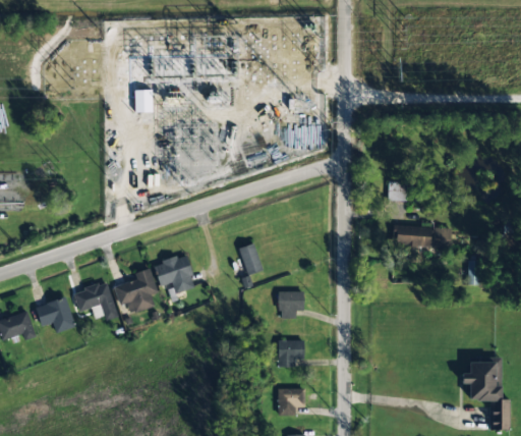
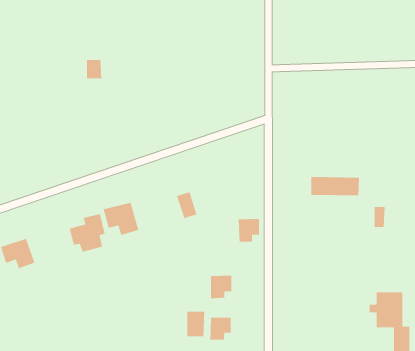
building: [388,181,407,202] -> none
building: [72,282,118,321] -> none
building: [278,291,303,319] -> [238,218,260,242]
building: none -> [187,311,205,337]

